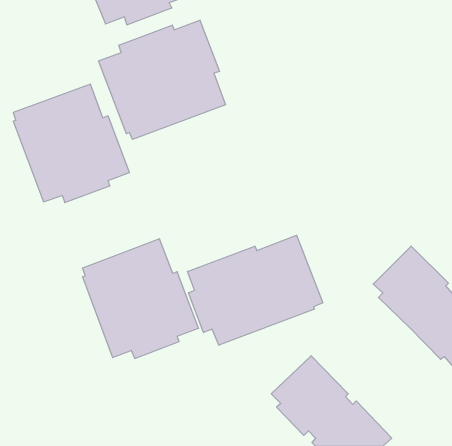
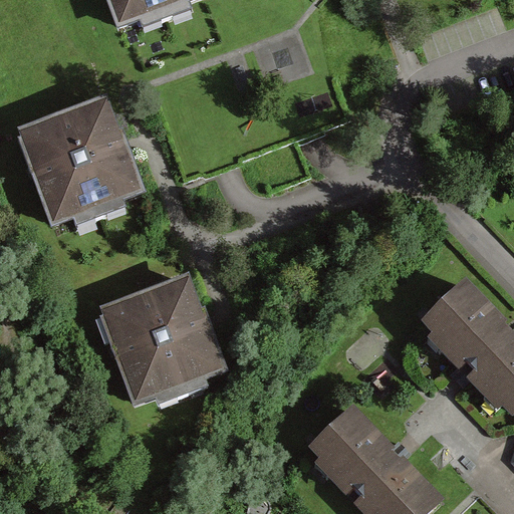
building: [99,20,226,139] -> none
building: [188,235,323,345] -> none

